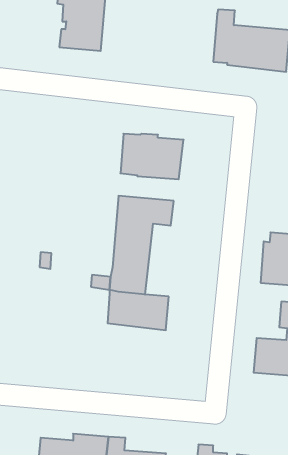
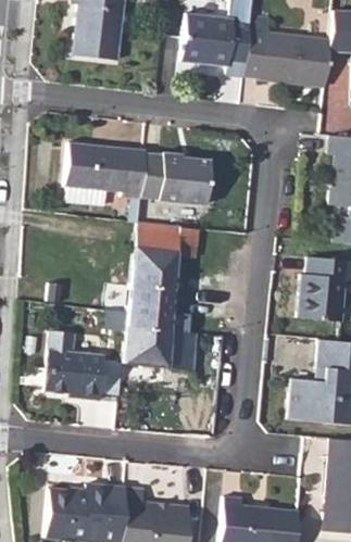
building: none -> [179,15,248,77]
building: none -> [64,146,145,206]
building: none -> [49,350,127,400]

